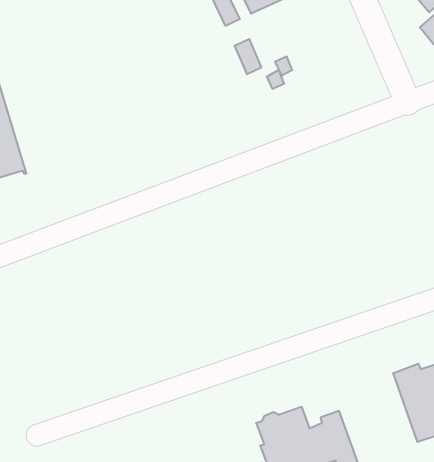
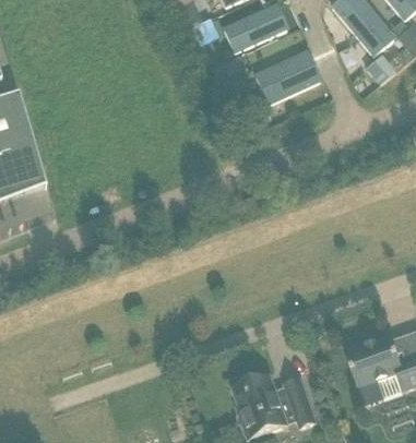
building: none -> [255,47,325,104]

